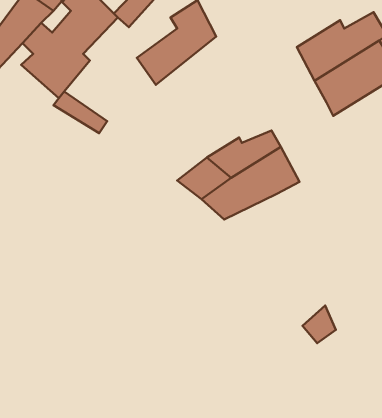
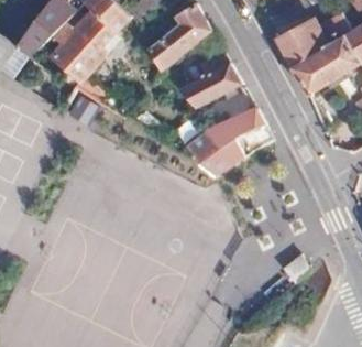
building: none -> [176,61,241,108]

